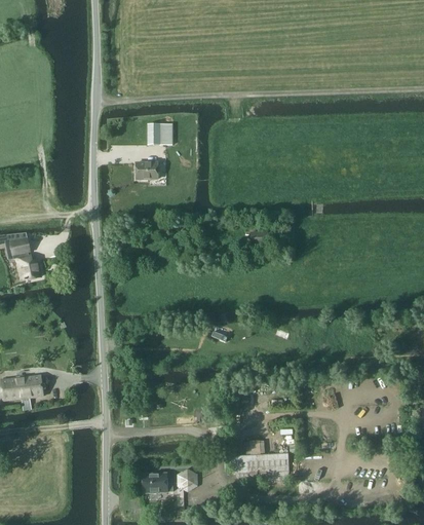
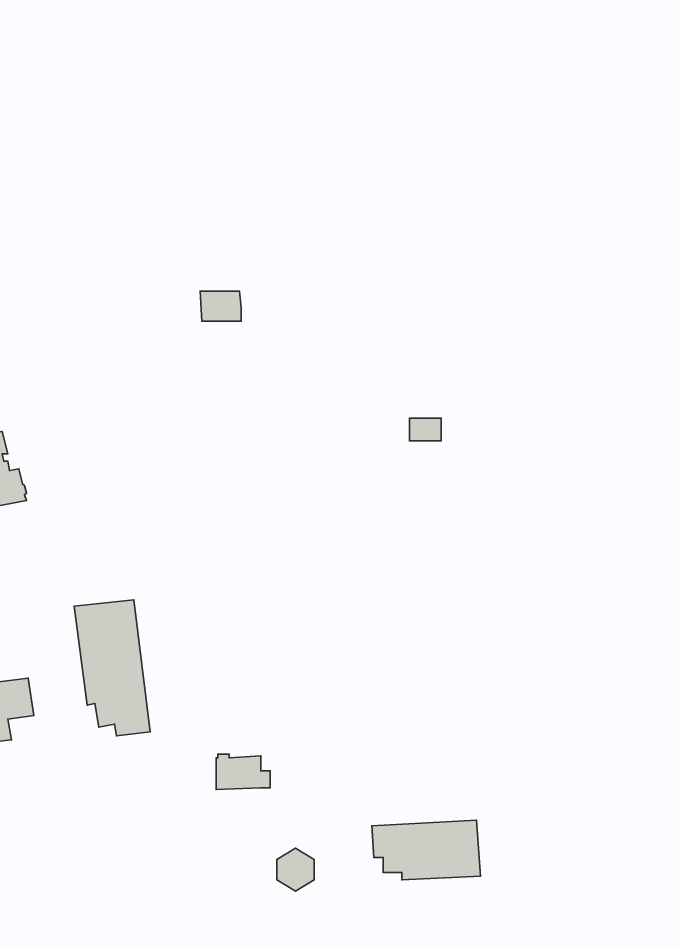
building: [148,122,172,143] -> none
building: none -> [74,600,150,736]
building: [143,471,172,490] -> [216,754,270,790]

